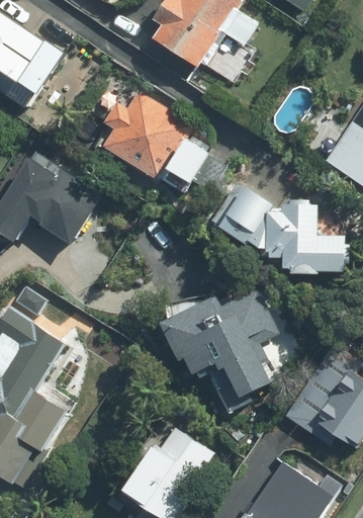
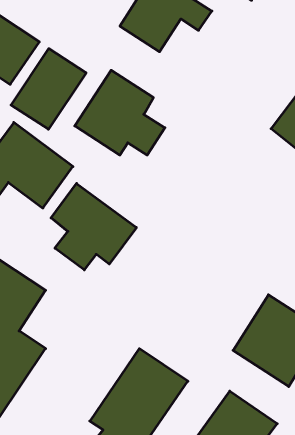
building: none -> [11,49,86,129]
building: [203,178,346,272] -> none
building: none -> [51,183,136,270]
building: [162,283,276,410] -> none

